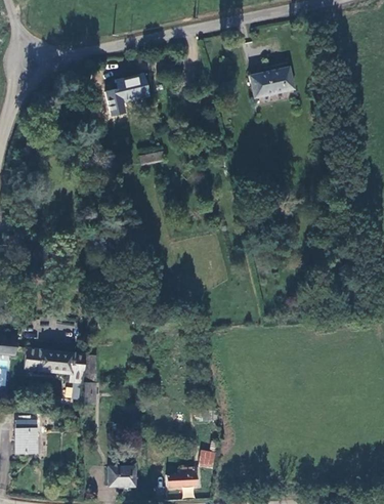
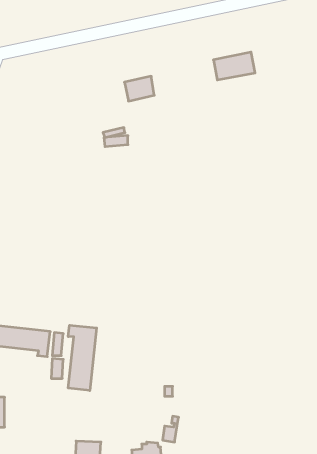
building: [116,76,146,101] -> [124,76,154,101]
building: none -> [68,325,97,391]

